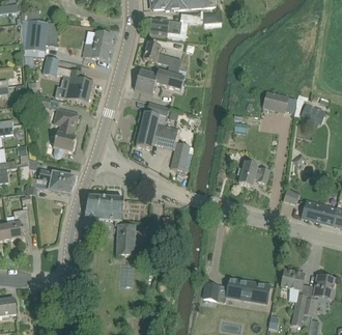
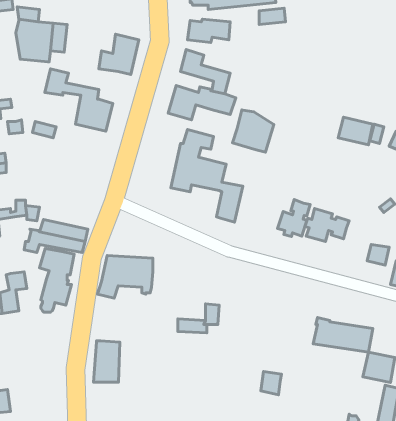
building: none -> [233,110,274,152]
building: [53,109,79,157] -> [40,249,74,312]
building: none -> [278,200,310,236]
building: [116,224,136,255] -> [94,341,120,382]
building: [226,277,270,303] -> [313,318,373,352]

